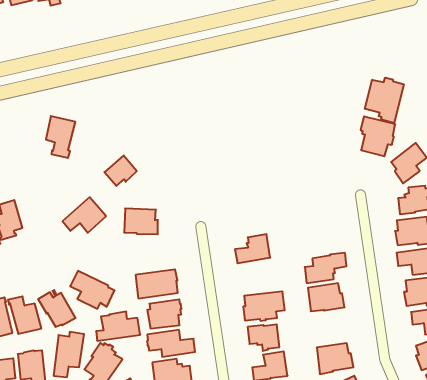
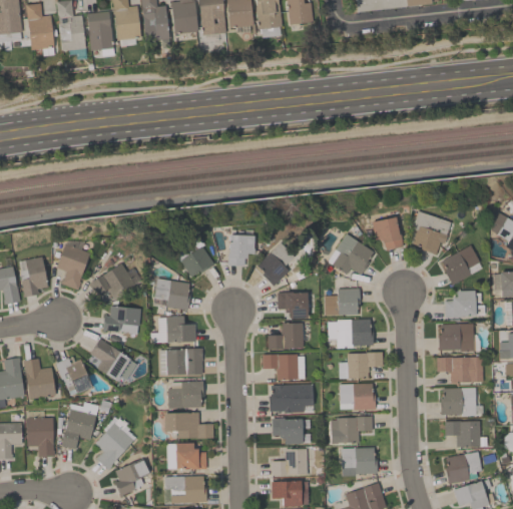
building: [365,78,404,123] -> none
building: [46,116,75,158] -> [57,243,90,290]
building: none -> [372,216,403,249]
building: none -> [327,233,374,275]
building: [104,156,137,186] -> [180,245,214,277]
building: none -> [227,234,255,266]
building: none -> [256,242,295,286]
building: none -> [325,288,360,316]
building: none -> [278,292,308,319]
building: none -> [328,319,374,348]
building: none -> [103,306,141,334]
building: none -> [263,354,305,381]
building: [96,312,140,341] -> [150,316,196,343]
building: none -> [331,417,373,444]

